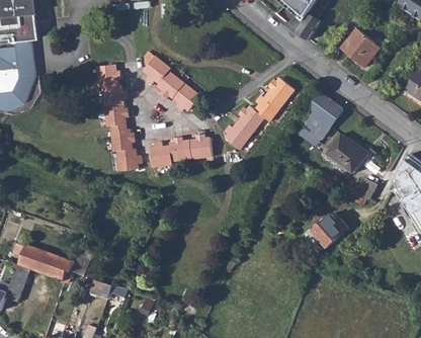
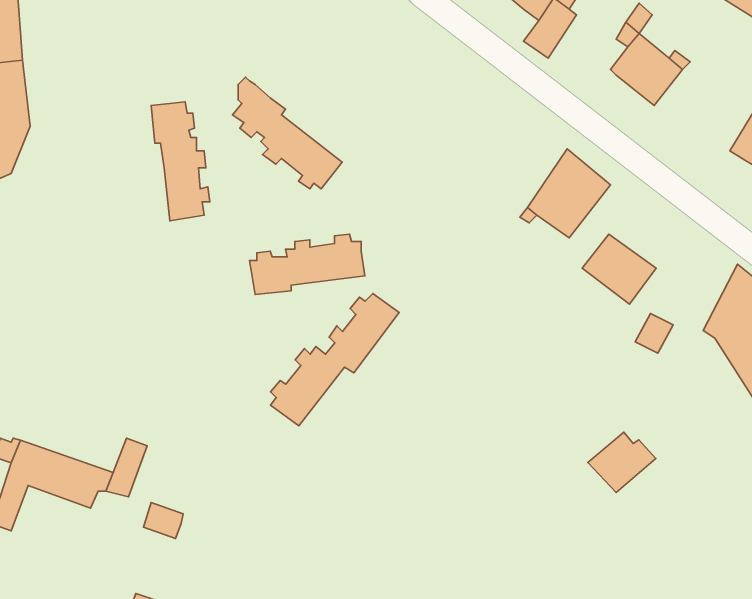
building: [224,79,292,150] -> [271,294,399,426]
building: [111,130,141,171] -> none
building: [311,213,347,245] -> [588,432,656,493]

